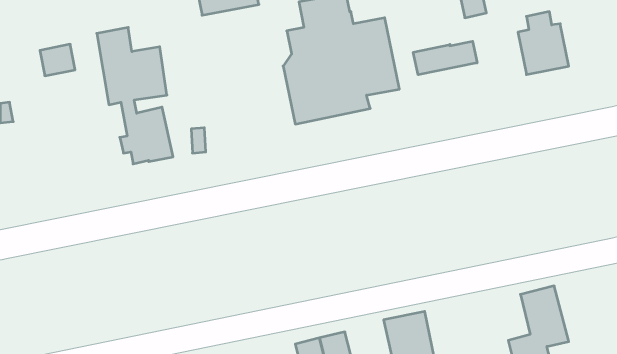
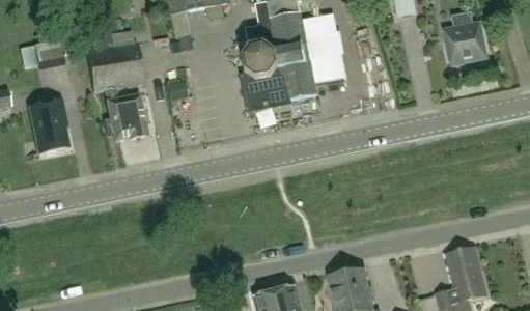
building: [413,41,477,75] -> none
building: none -> [29,98,68,152]

